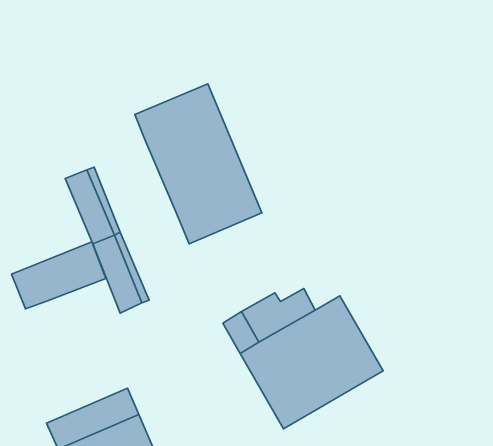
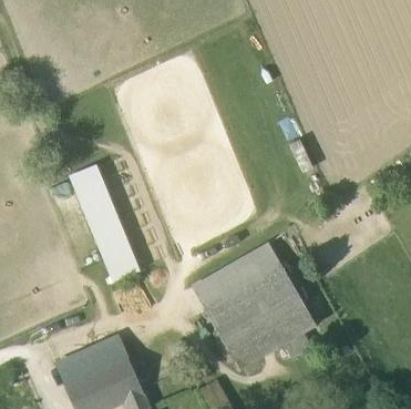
building: [135,84,262,244] -> none
building: [12,242,106,309] -> none
building: none -> [232,243,281,277]

